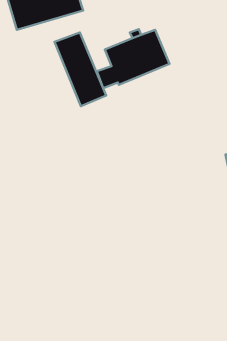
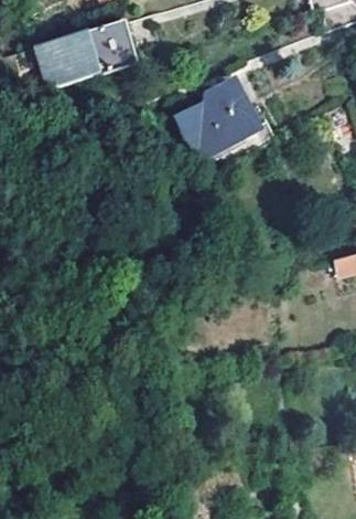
building: [54,32,106,106] -> none

